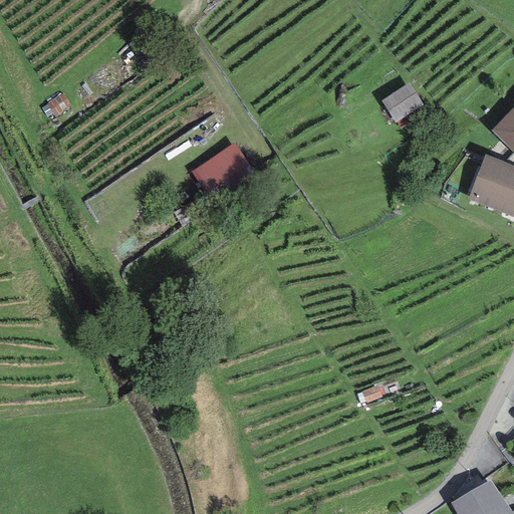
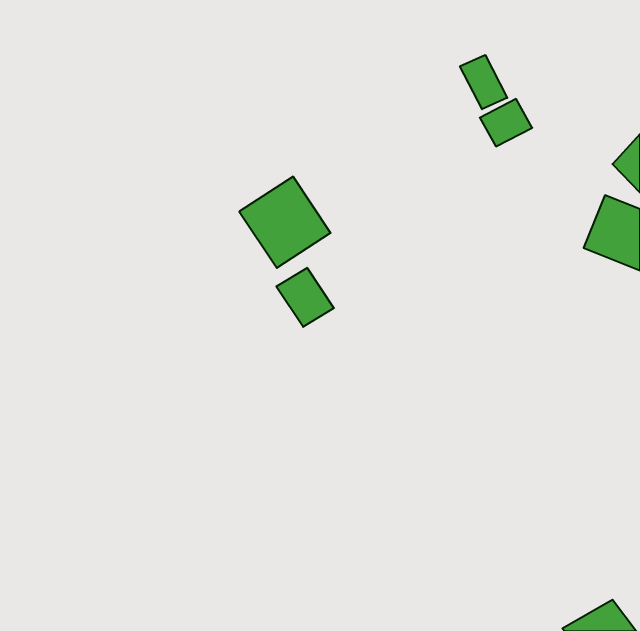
building: none -> [460,55,507,109]
building: none -> [276,268,334,327]

